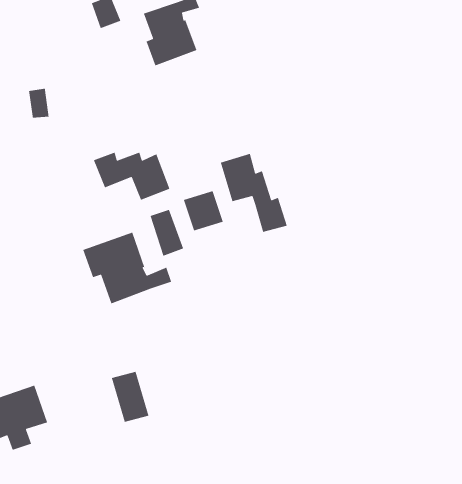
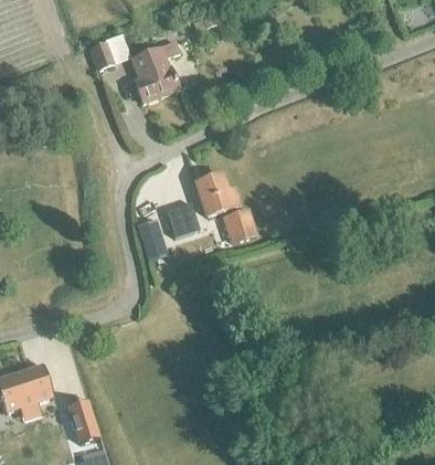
building: [93,152,170,201] -> none
building: [82,232,172,304] -> none
building: [111,371,149,423] -> [68,399,100,442]

